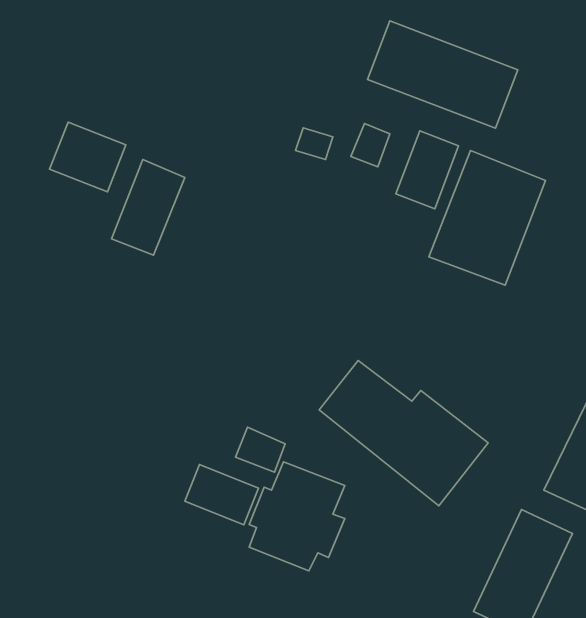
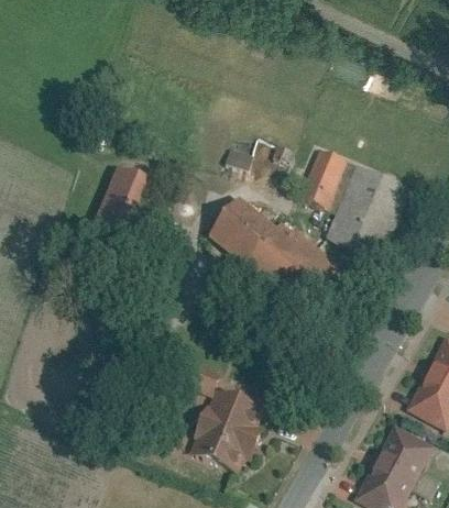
building: [367,21,518,128] -> none
building: [50,122,126,192] -> none
building: [319,361,488,506] -> [210,198,335,305]
building: [185,464,258,525] -> none

